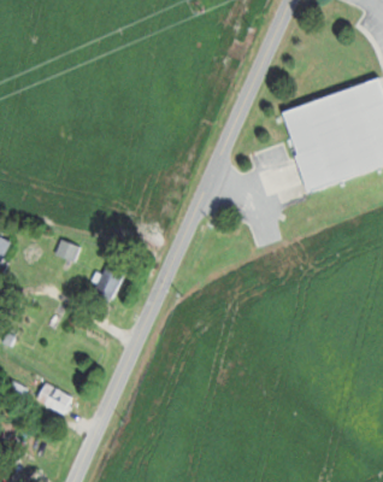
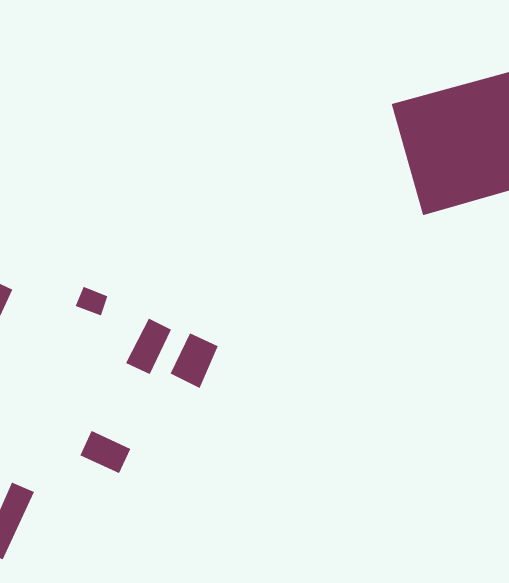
building: none -> [170,332,219,389]
building: [36,383,73,415] -> [79,430,131,474]

